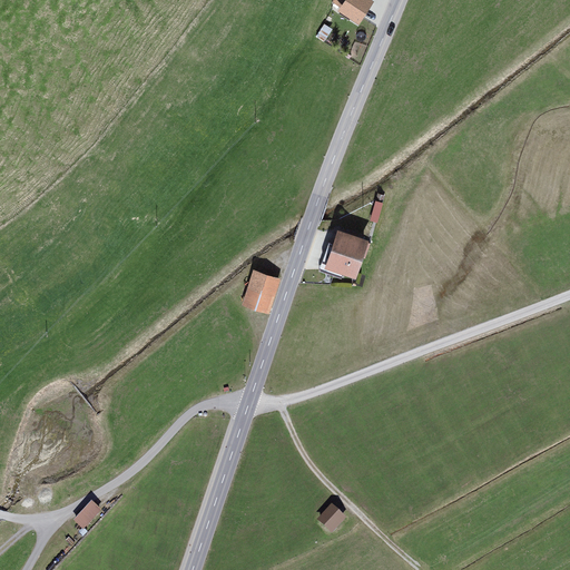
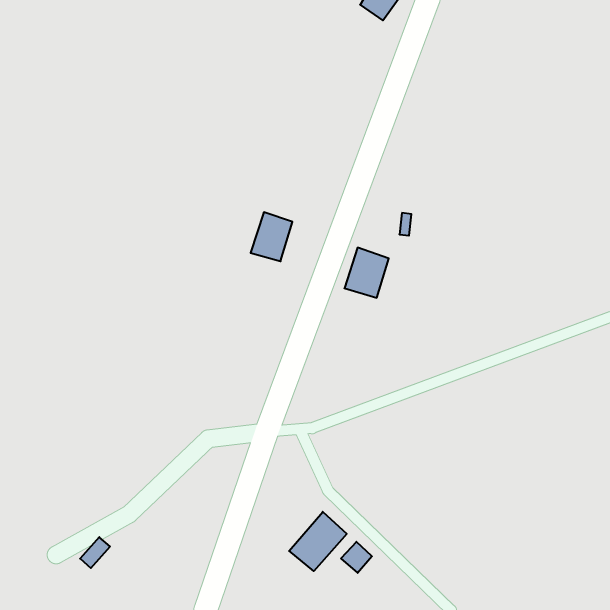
building: [240,269,279,315] -> [251,212,292,261]
building: none -> [289,512,347,571]

